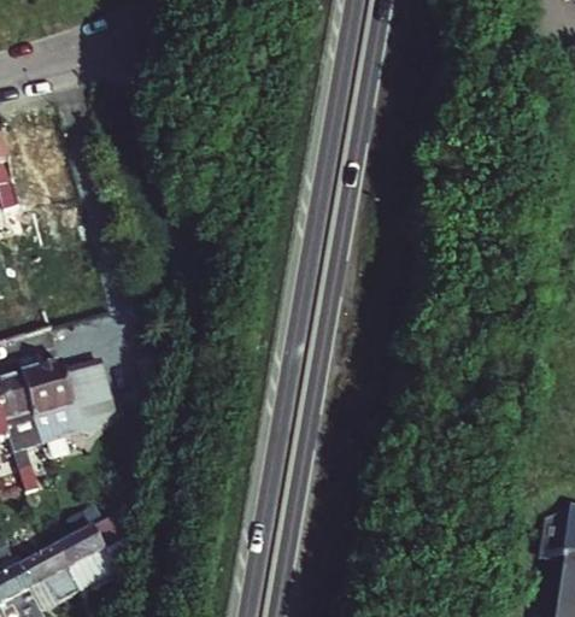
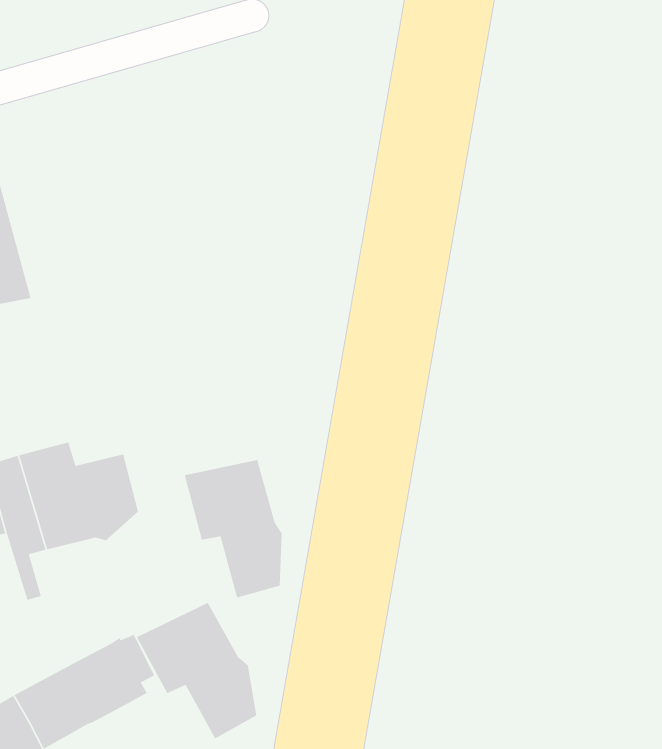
building: none -> [184,459,283,599]
building: none -> [136,602,257,739]

